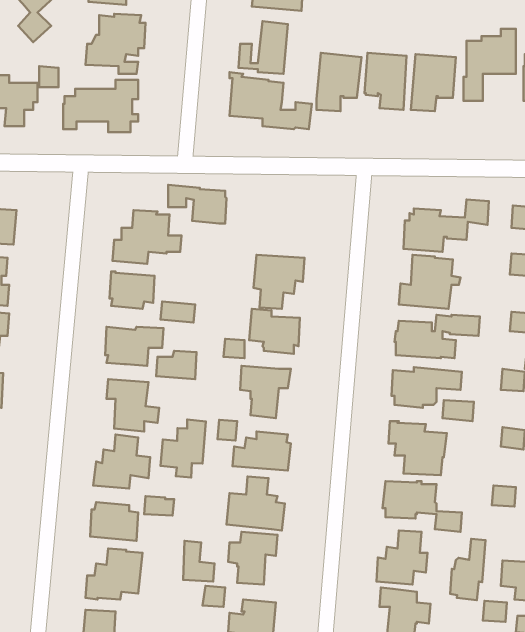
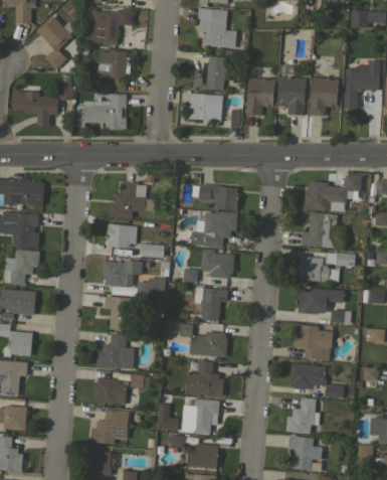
building: [168,185,227,224] -> [199,184,238,210]
building: [160,419,206,477] -> none
building: [450,539,486,600] -> none

